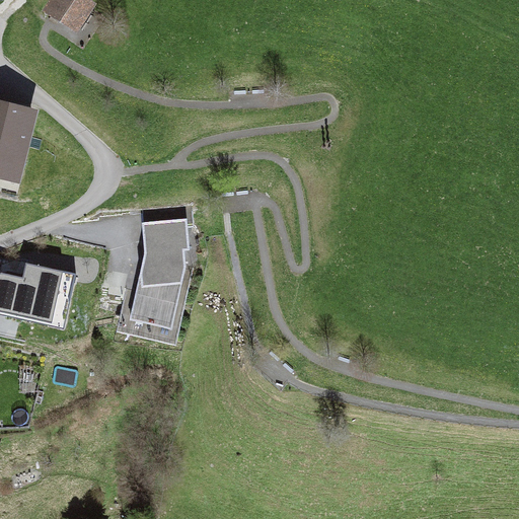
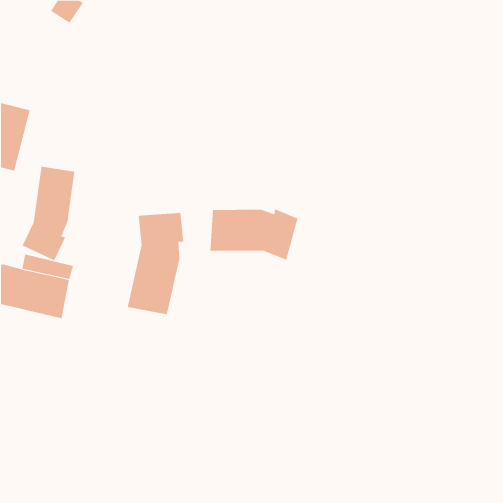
building: none -> [22,166,75,261]
building: none -> [210,209,298,261]

